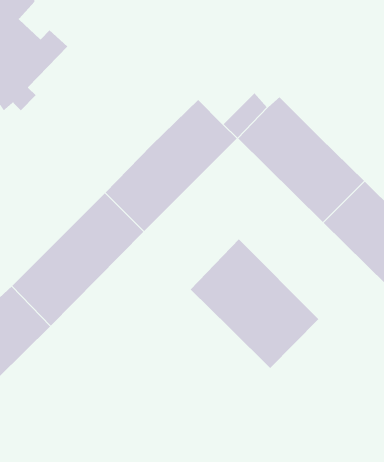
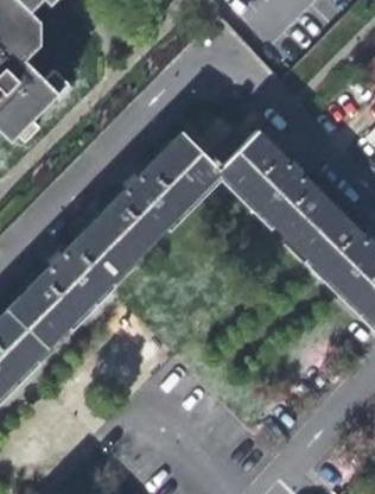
building: [190,239,319,369] -> none

